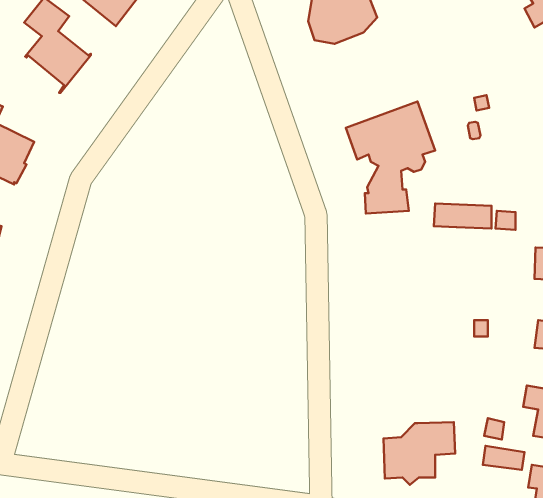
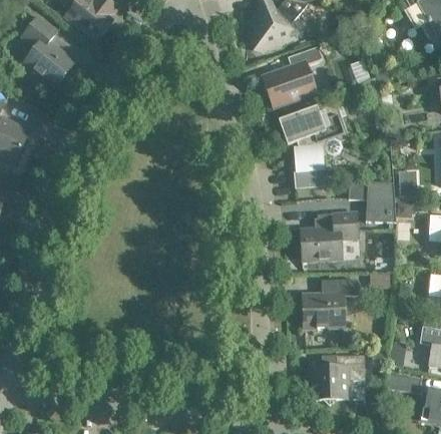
building: none -> [260,45,322,109]
building: none -> [365,198,396,222]
building: none -> [297,211,358,267]
building: none -> [302,279,358,327]

